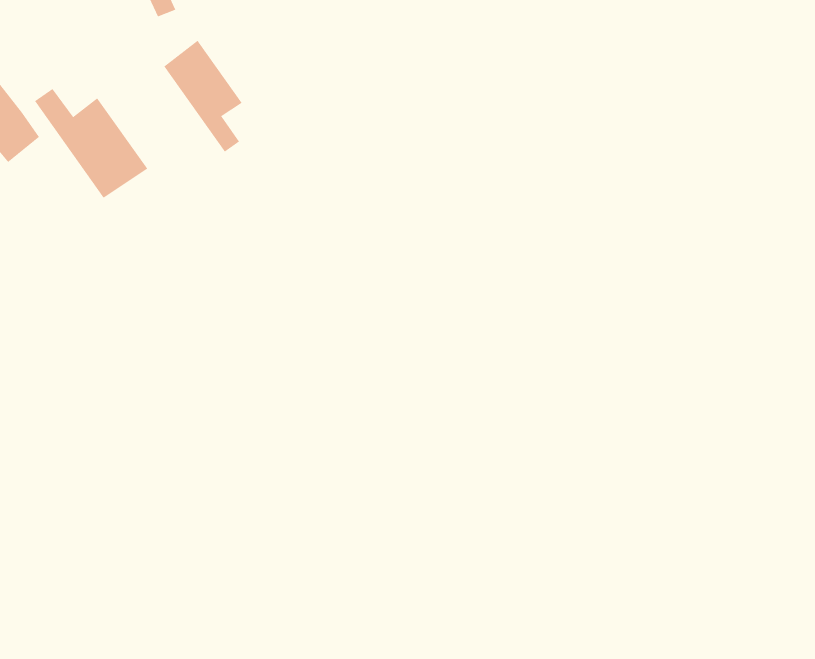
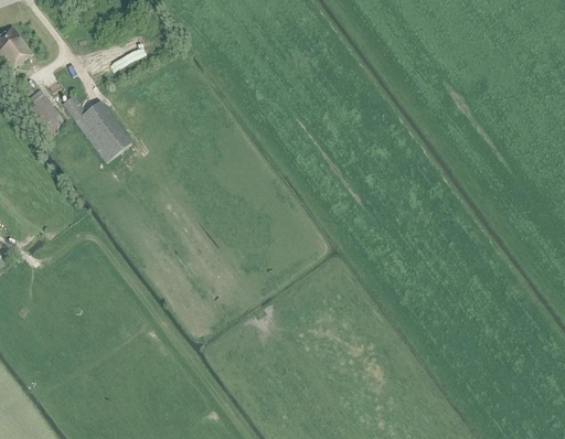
building: [163,40,243,153] -> none

